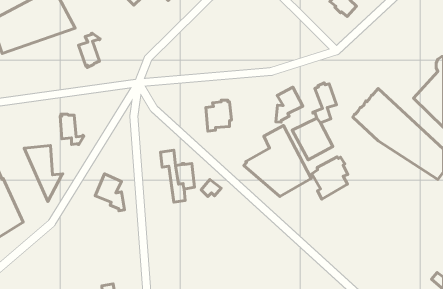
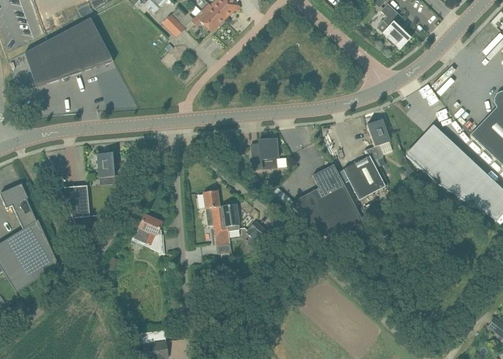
building: [78,33,100,67] -> none
building: [276,87,303,122] -> none
building: [312,157,348,199] -> none

